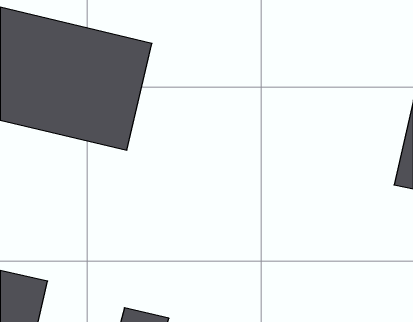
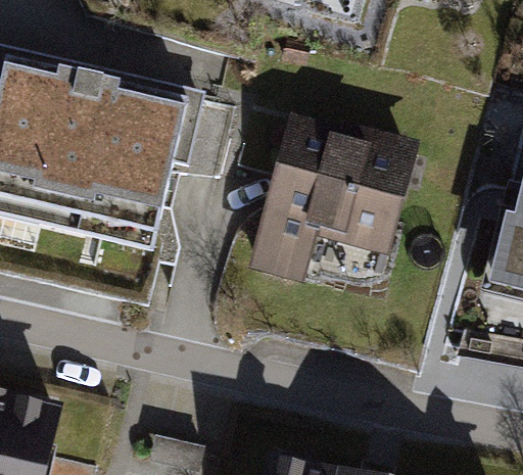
building: none -> [249,115,413,281]

